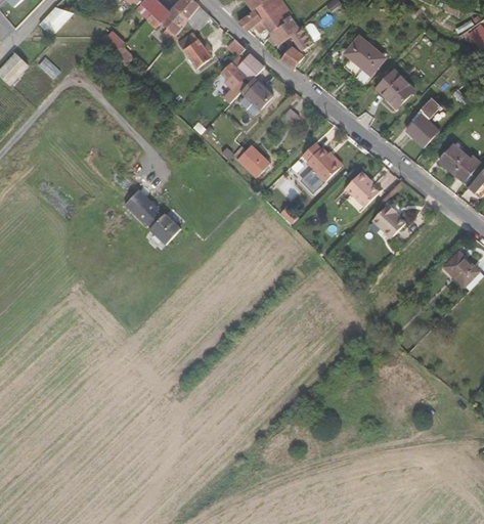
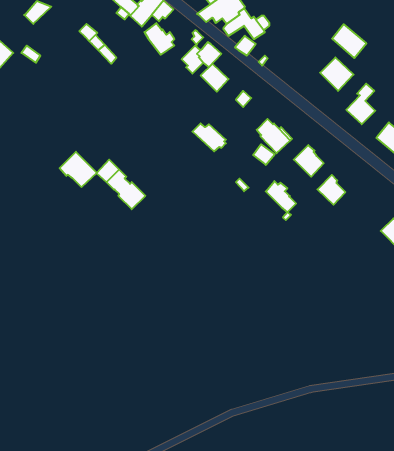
building: [345,37,384,75] -> [332,24,366,58]
building: none -> [60,152,97,187]
building: none -> [266,181,296,212]

